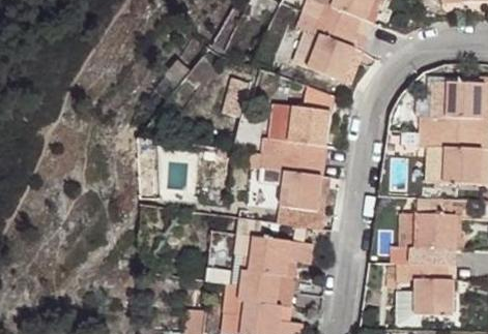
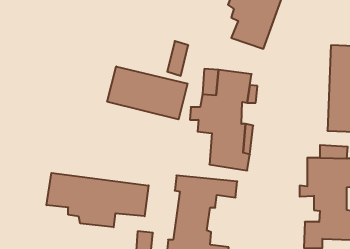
building: none -> [107,66,188,119]
building: none -> [47,173,149,227]

